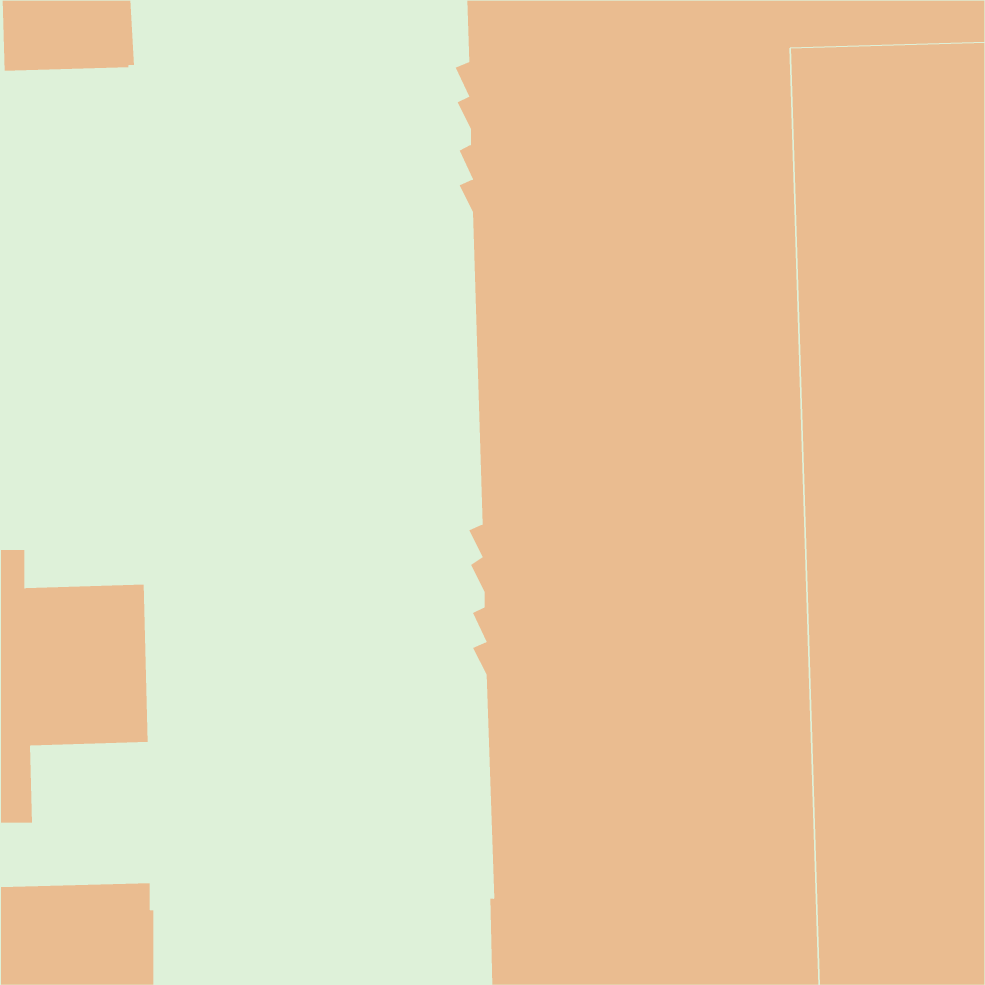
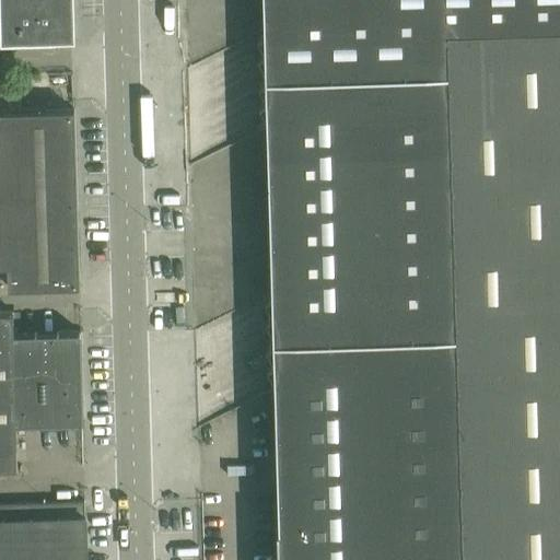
building: none -> [4,109,81,288]

